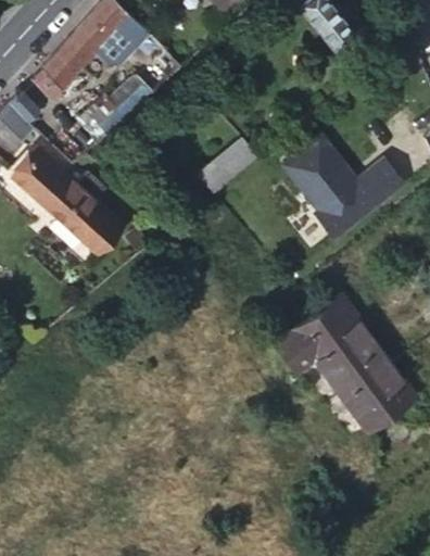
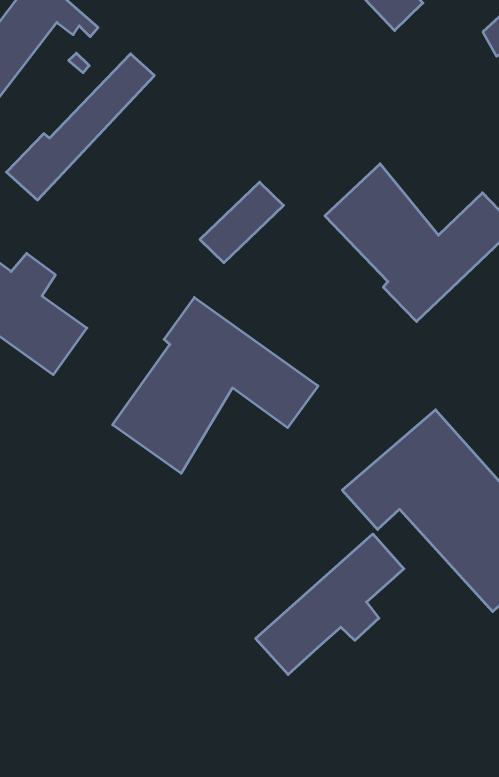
building: none -> [113,297,318,473]
building: none -> [256,534,404,675]

